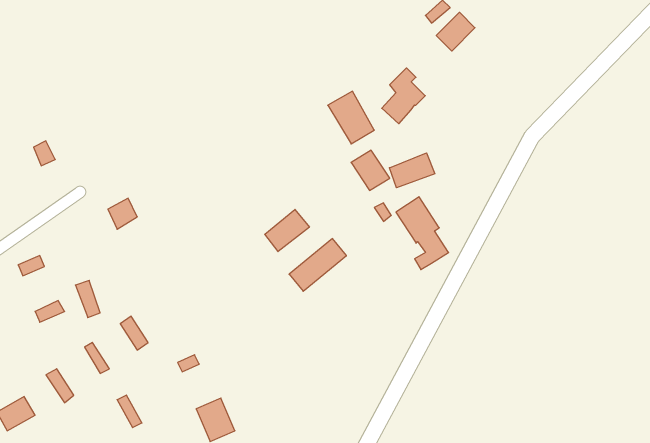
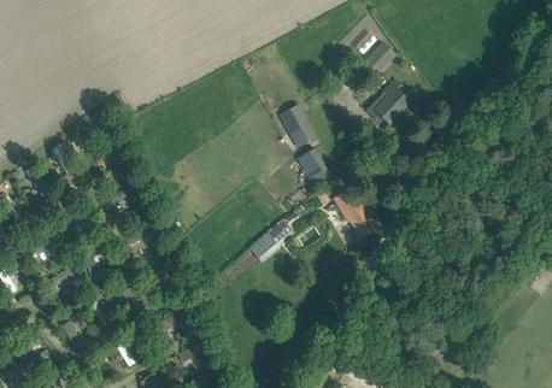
building: [382,68,425,124] -> [376,78,410,122]
building: [389,153,435,188] -> none
building: [265,209,309,252] -> none

